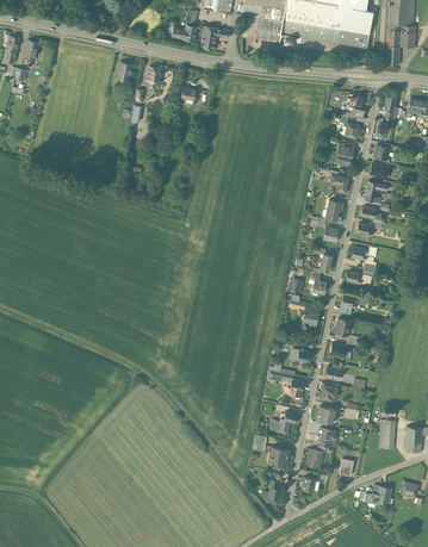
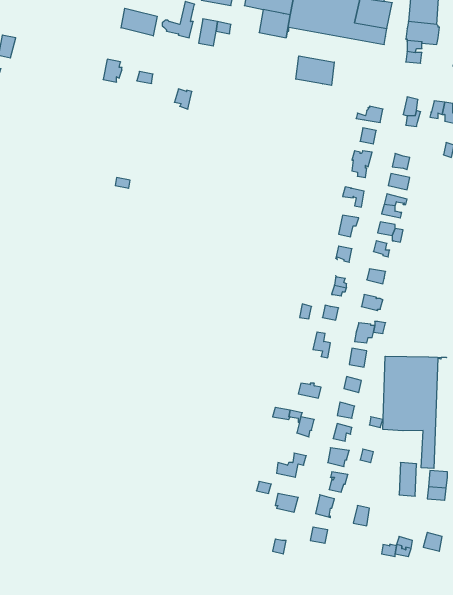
building: none -> [121,8,157,36]
building: none -> [296,56,334,85]
building: none -> [383,356,447,468]

